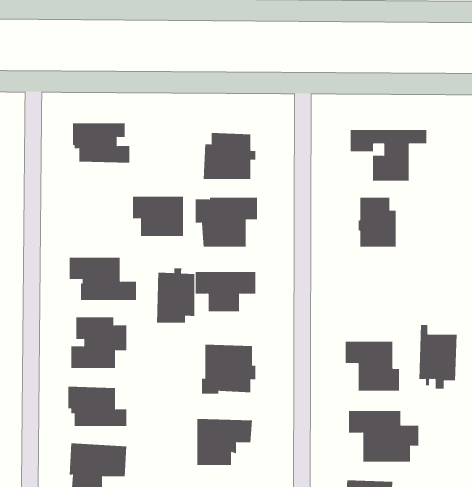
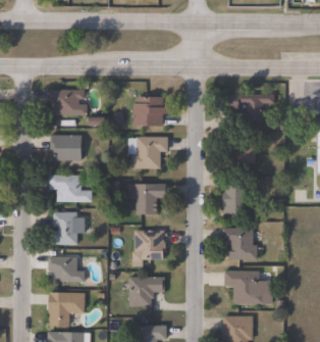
building: [132,196,184,236] -> [49,135,82,160]
building: [156,267,195,323] -> none
building: [419,324,457,389] -> [223,179,248,219]

